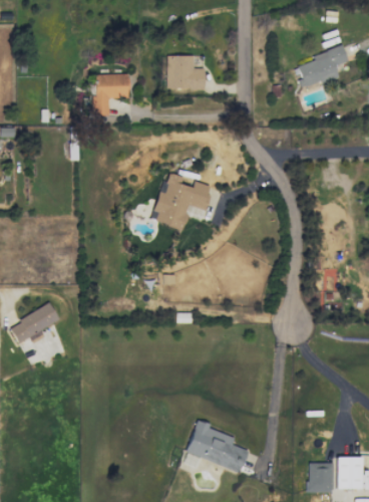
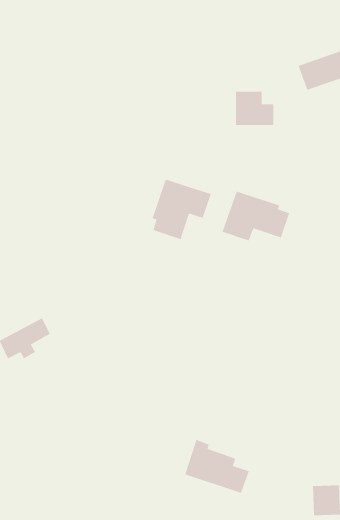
building: [167,56,205,89] -> [235,91,274,126]
building: [93,74,128,116] -> none
building: none -> [222,191,290,242]

